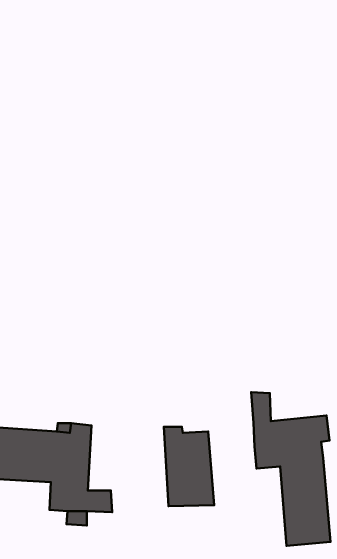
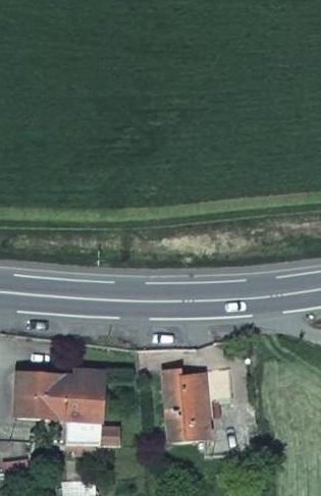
building: [251,392,331,546] -> none

